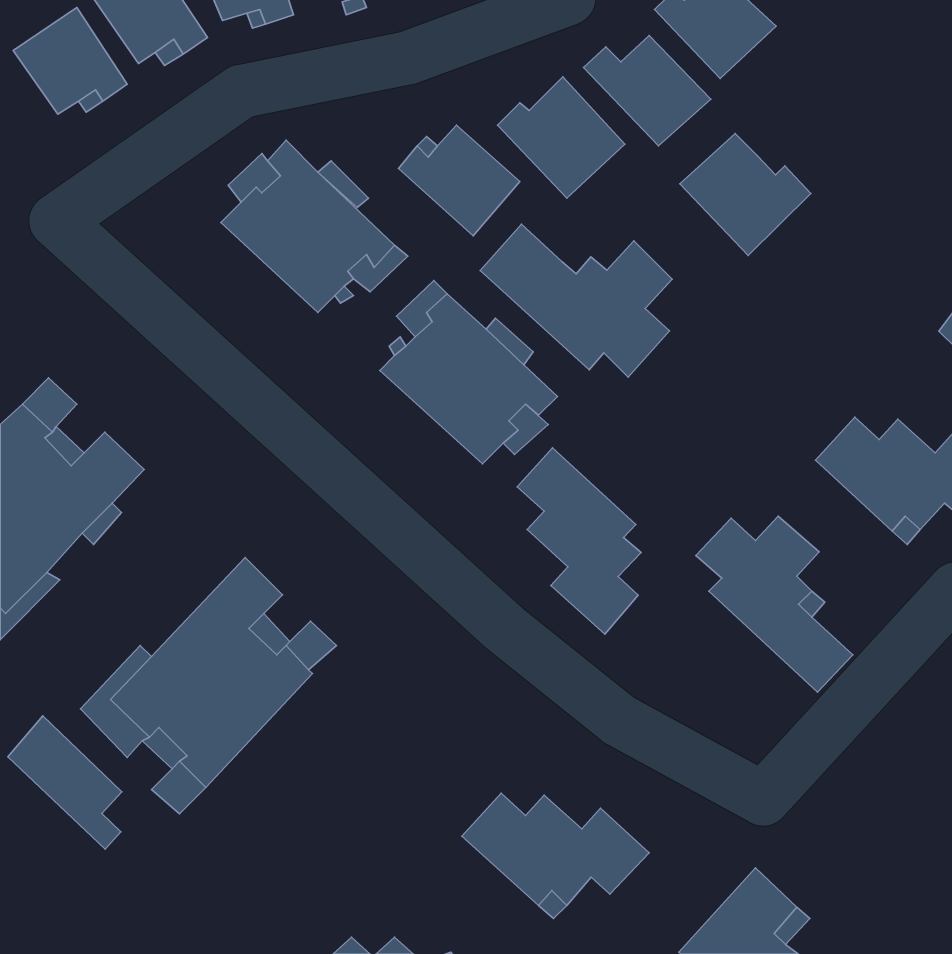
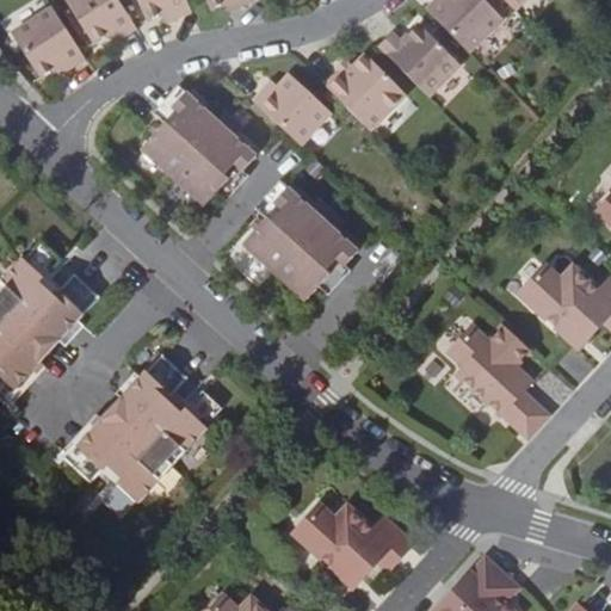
building: [680,134,811,256] -> none
building: [480,224,672,377] -> none
building: [517,448,641,634] -> none
building: [8,716,122,849] -> none

